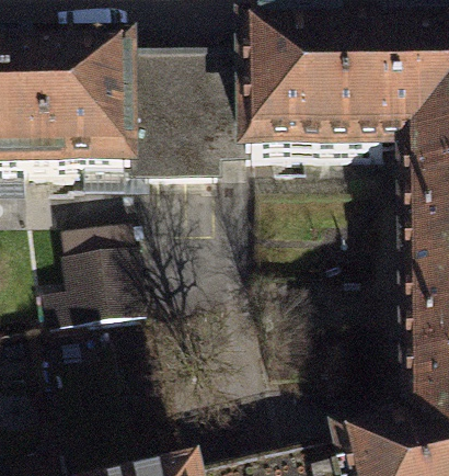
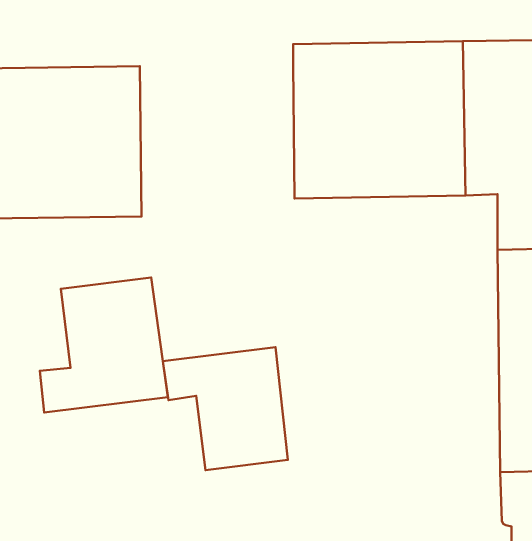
building: [126,54,247,177] -> none
building: none -> [163,347,288,470]

